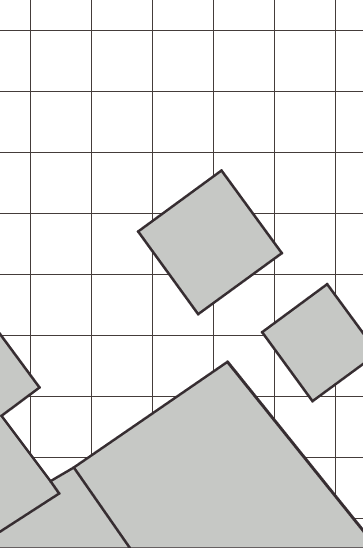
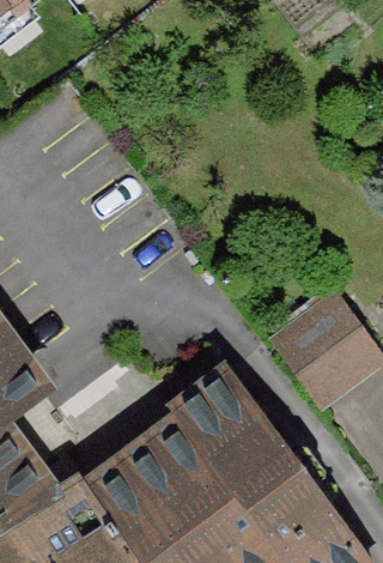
building: [138,170,282,314] -> none

